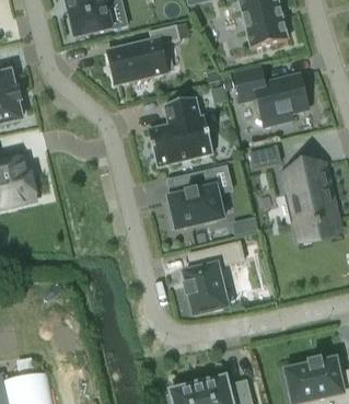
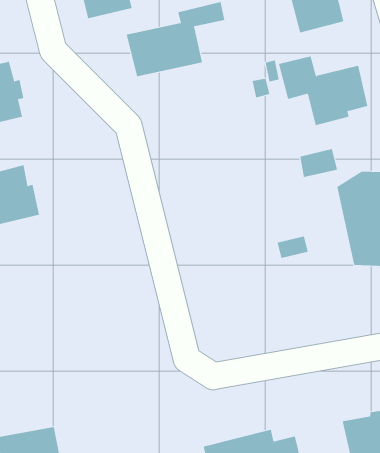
building: [148,99,213,165] -> none
building: [167,164,233,230] -> none
building: [184,241,245,314] -> none

